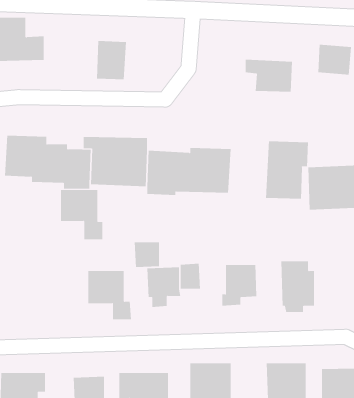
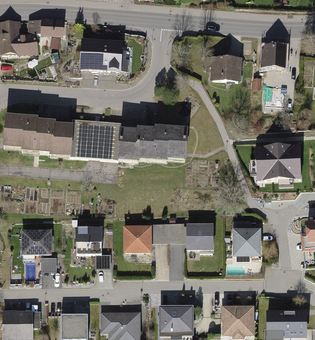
building: none -> [25,22,68,48]
building: none -> [105,42,128,74]
building: [266,141,308,200] -> none
building: [60,189,103,240] -> [22,230,57,271]
building: [134,242,160,268] -> [166,222,187,243]

